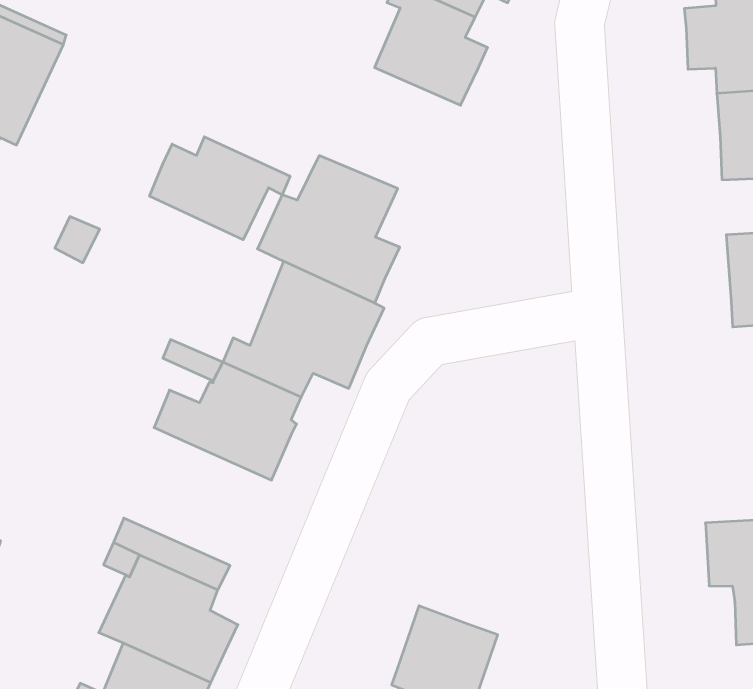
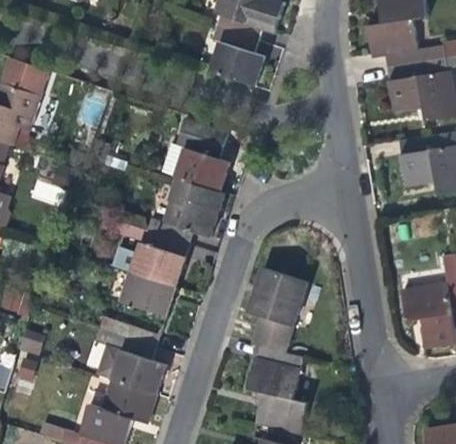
building: [150,137,290,240] -> none
building: none -> [119,273,177,317]
building: none -> [248,267,307,353]

